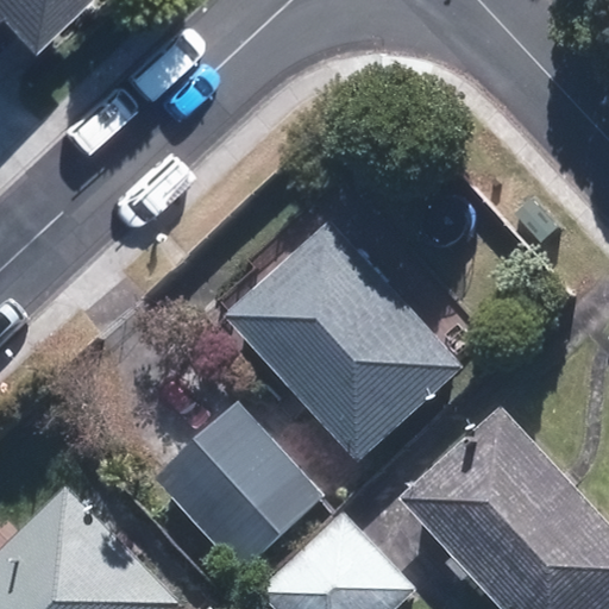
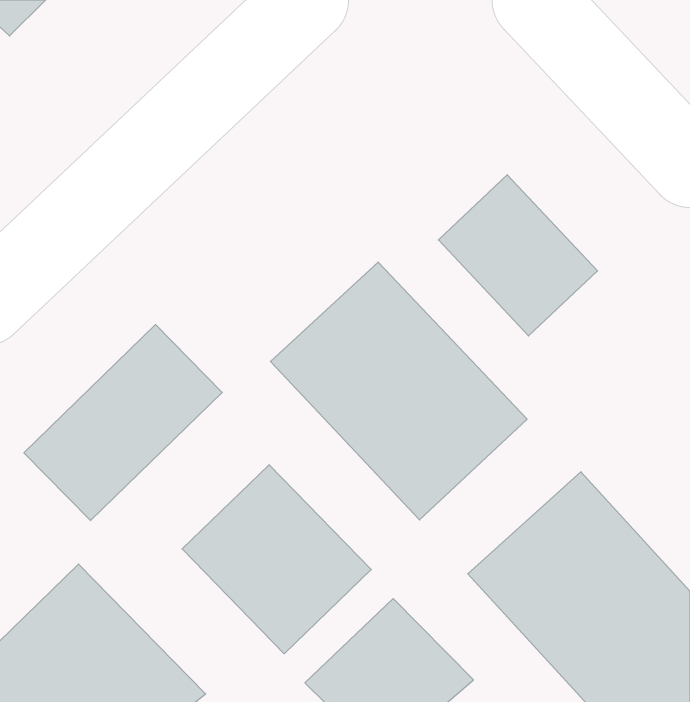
building: none -> [438,175,598,336]
building: none -> [24,325,222,521]

